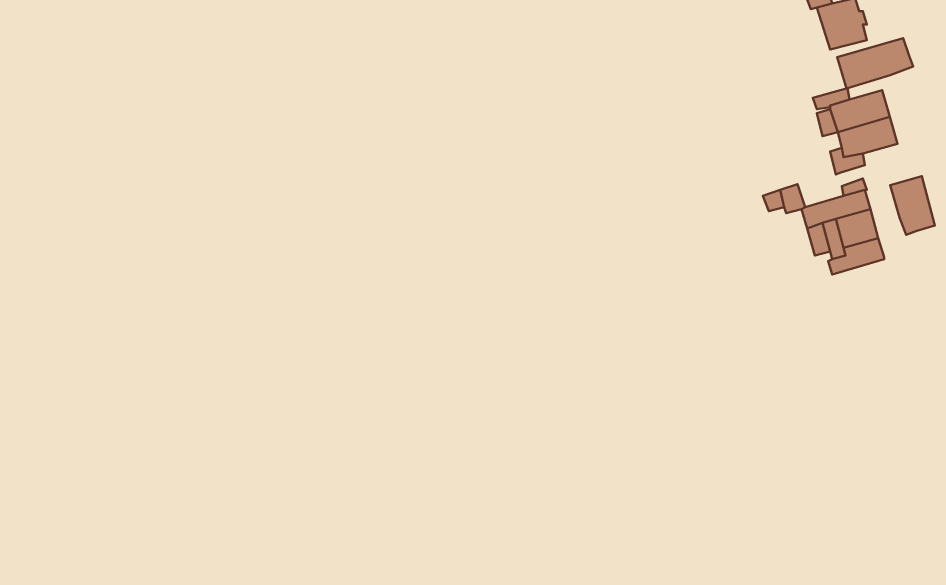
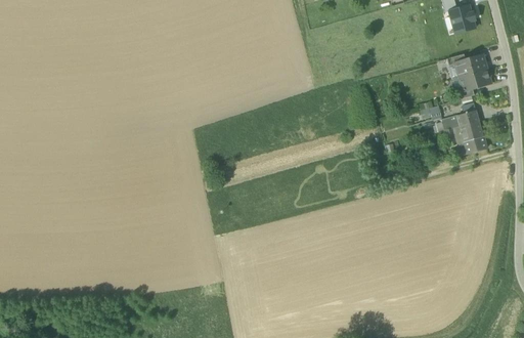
building: [837,38,913,88] -> none
building: [890,176,935,235] -> none

